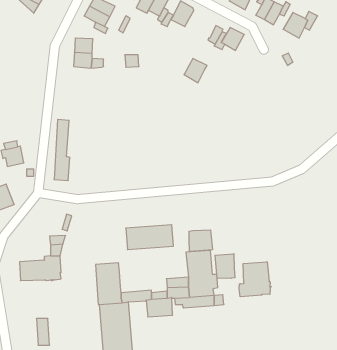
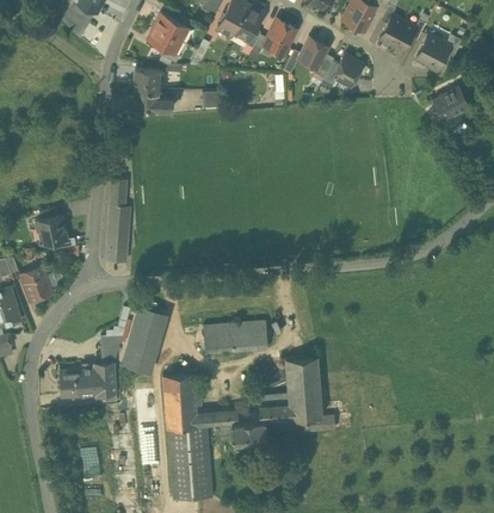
building: none -> [432,85,469,118]
building: [184,58,207,82] -> [297,37,328,69]
building: none -> [122,307,166,372]
building: [189,230,212,251] -> none
building: [215,254,235,279] -> none
building: [239,262,271,297] -> none

